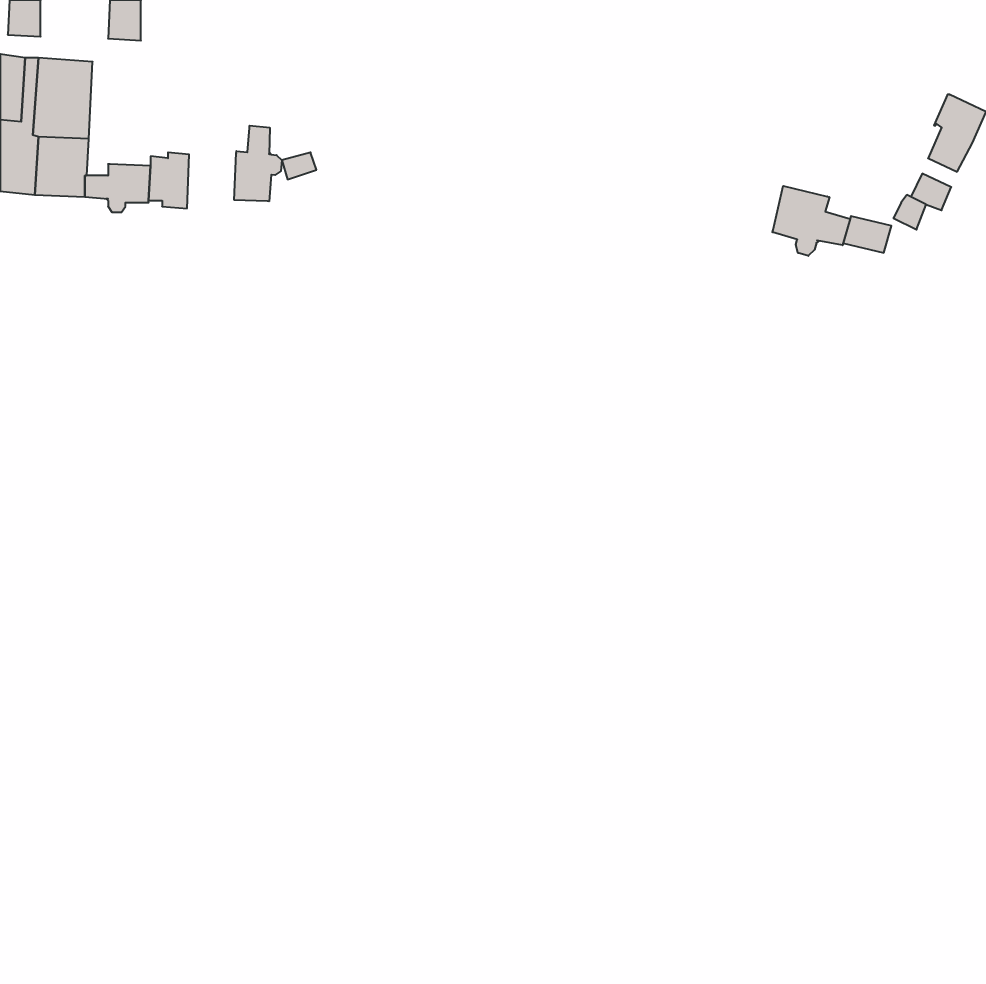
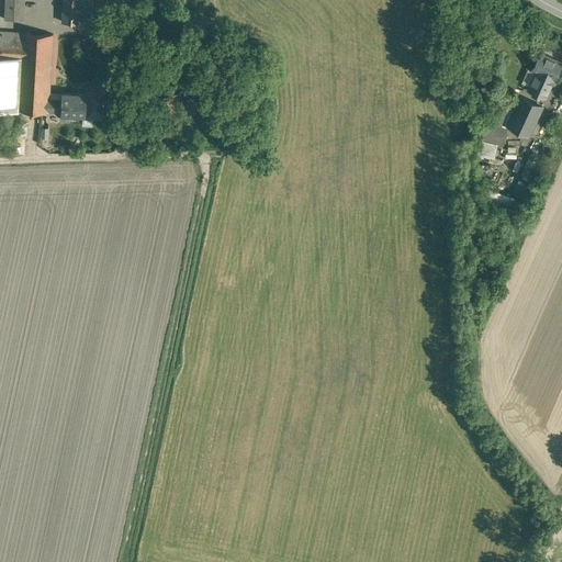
building: [234,126,282,201] -> none
building: [772,186,850,256] -> none

